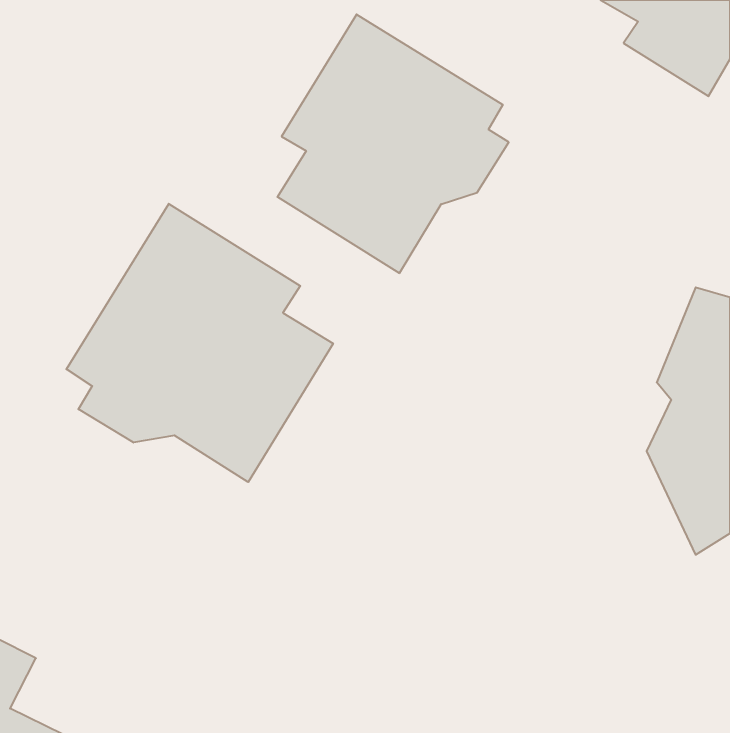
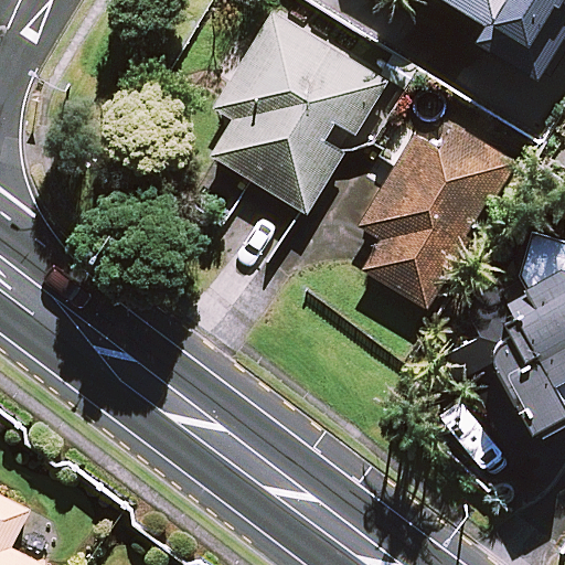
building: none -> [360,124,513,305]
building: [66,204,333,482] -> none

